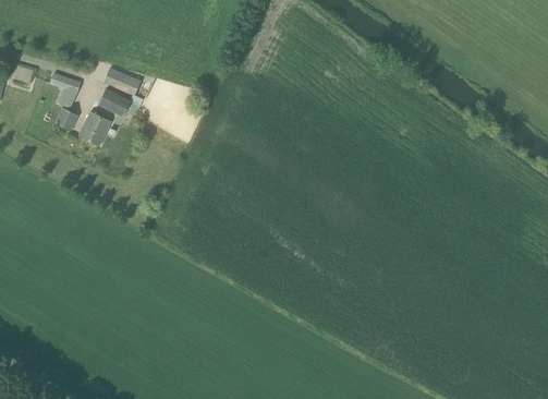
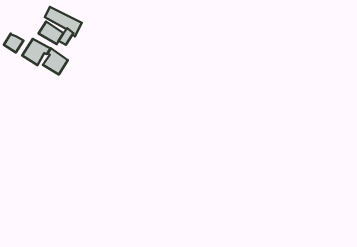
building: [50,71,80,109] -> none
building: none -> [43,48,68,75]

